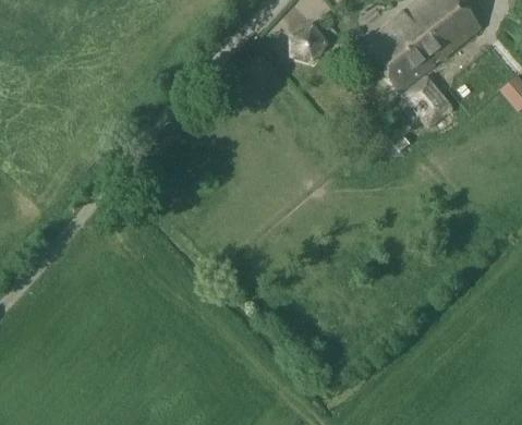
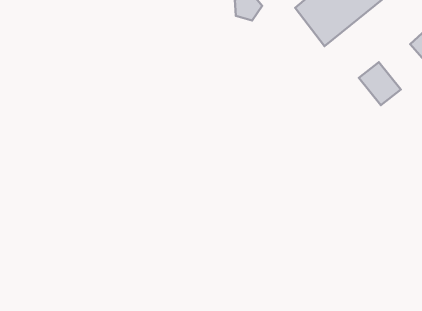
building: [404,74,454,125] -> [359,62,401,105]

